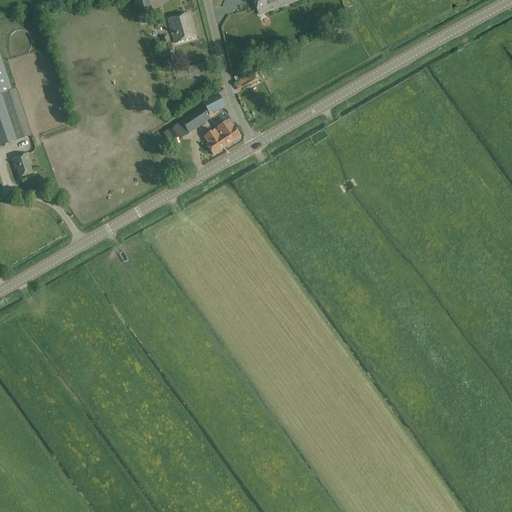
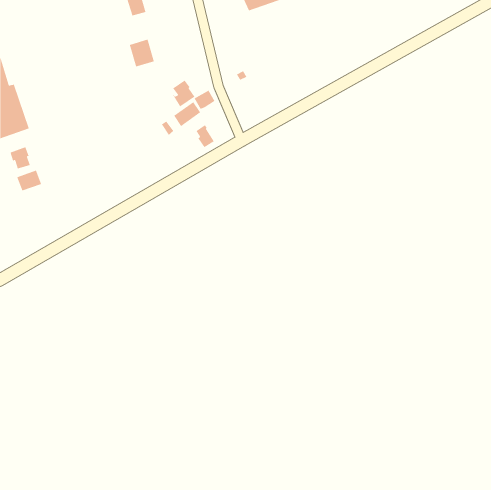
building: [167,12,194,42] -> [129,39,155,67]
building: [213,118,239,147] -> [170,80,195,107]
building: none -> [16,170,42,192]

